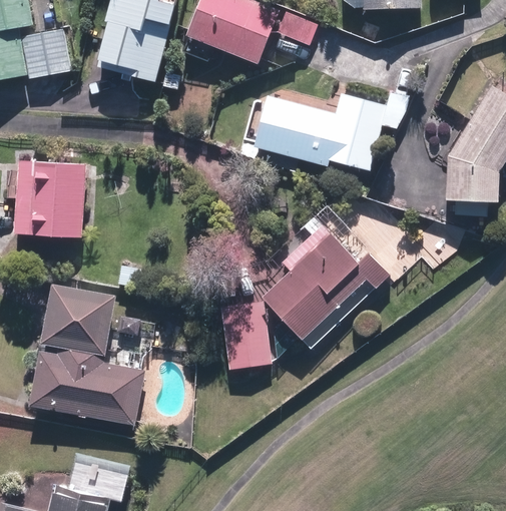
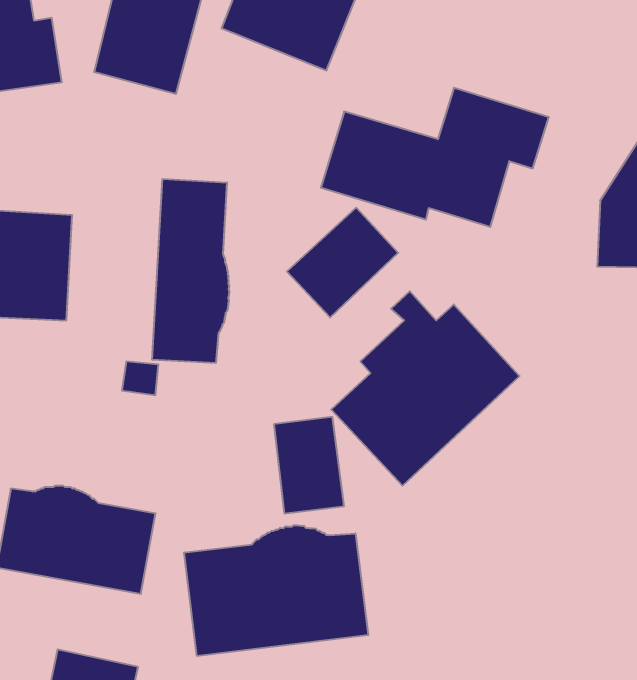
building: none -> [152,179,229,363]
building: none -> [287,208,398,318]
building: [40,282,114,354] -> none
building: none -> [184,525,368,656]

